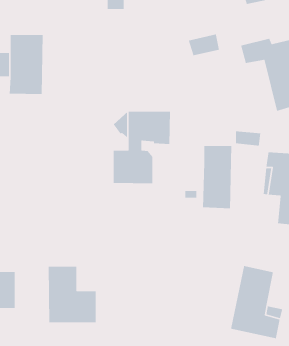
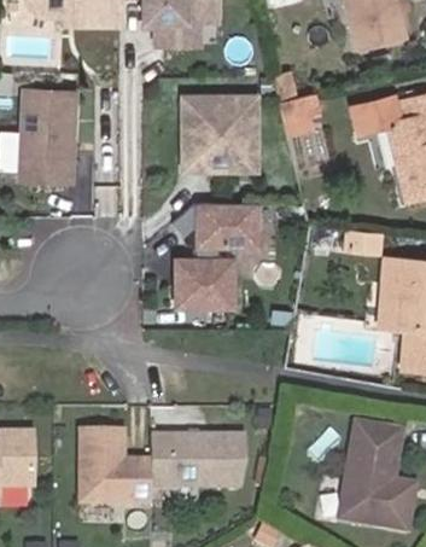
building: none -> [186,100,258,174]
building: [202,145,232,209] -> none
building: none -> [150,435,245,487]

